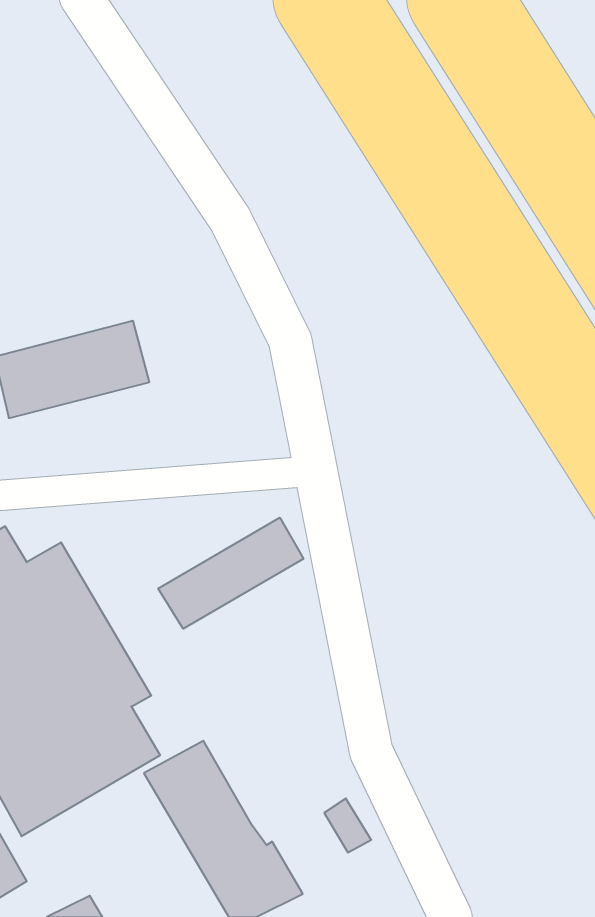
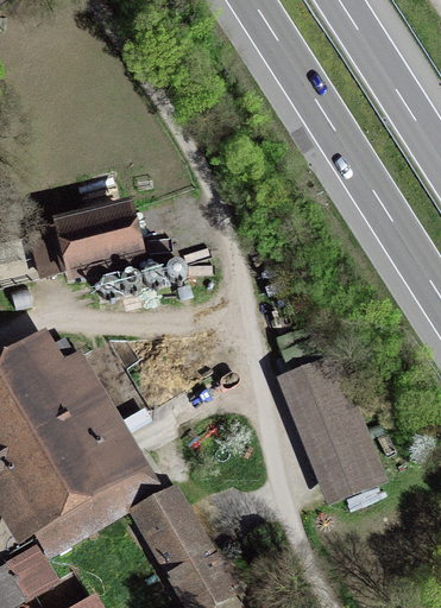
building: [158,518,303,629] -> none
building: none -> [294,361,382,494]

